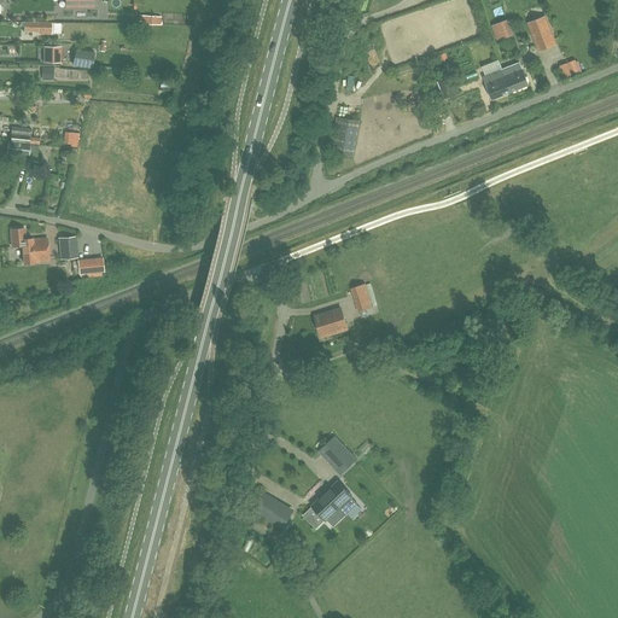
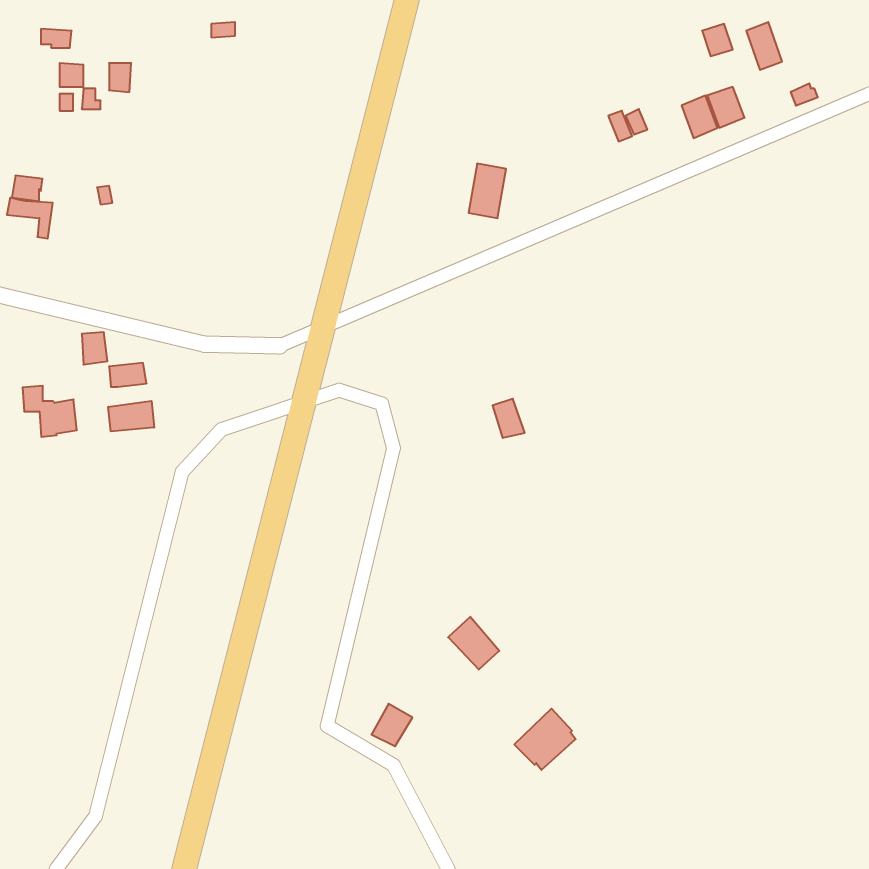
building: [10,227,48,263] -> [22,386,77,437]
building: none -> [108,401,154,431]
building: [314,307,345,333] -> none
building: [310,480,354,524] -> [514,709,576,770]

